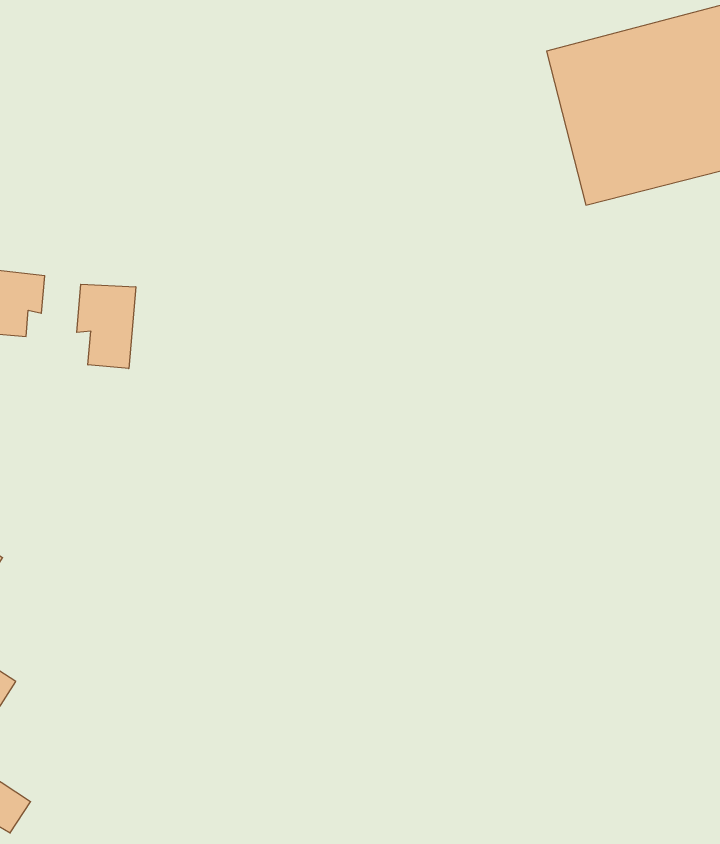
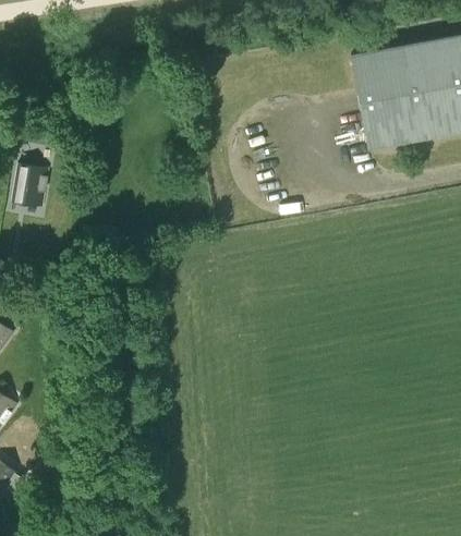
building: [77,284,136,369] -> none

